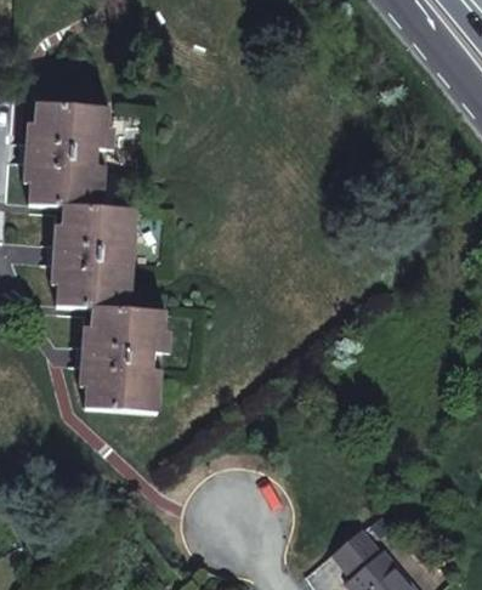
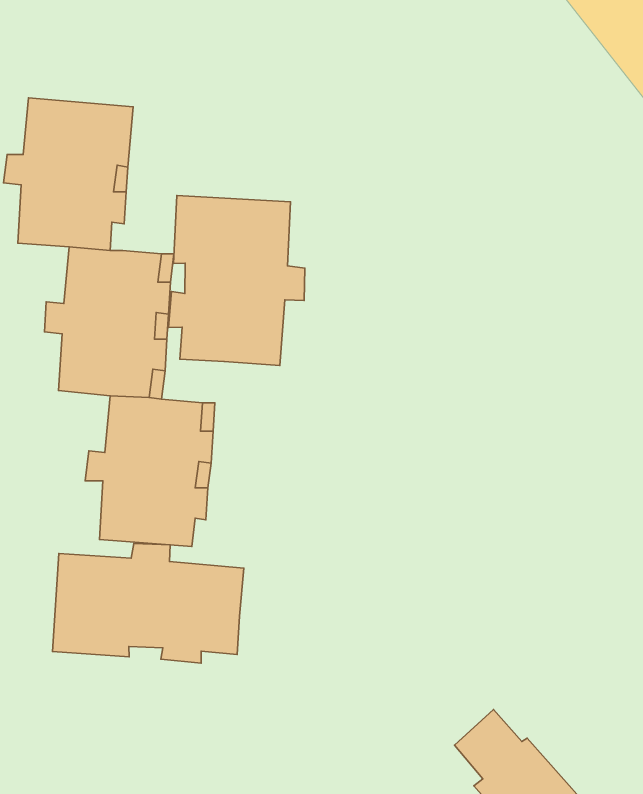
building: none -> [169,196,305,365]
building: none -> [52,543,244,663]

